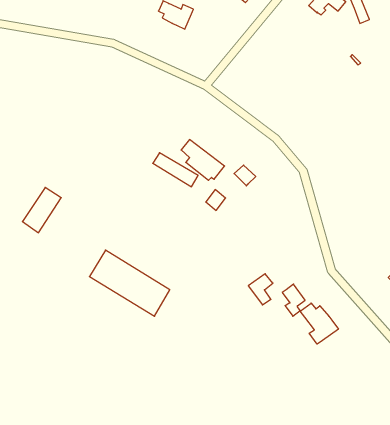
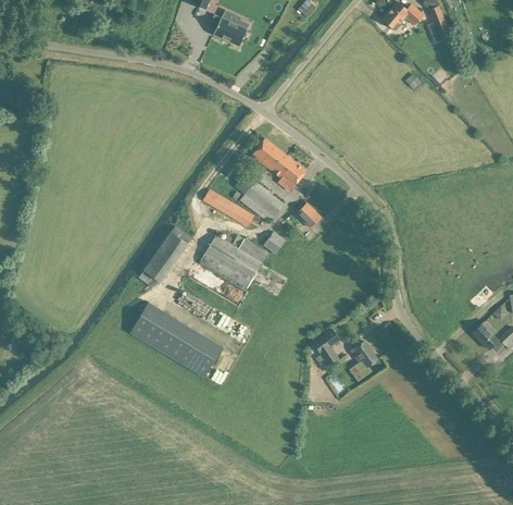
building: none -> [252,138,305,185]
building: [22,187,61,233] -> [143,233,188,285]
building: none -> [201,235,267,288]
building: [300,303,338,344] -> none

